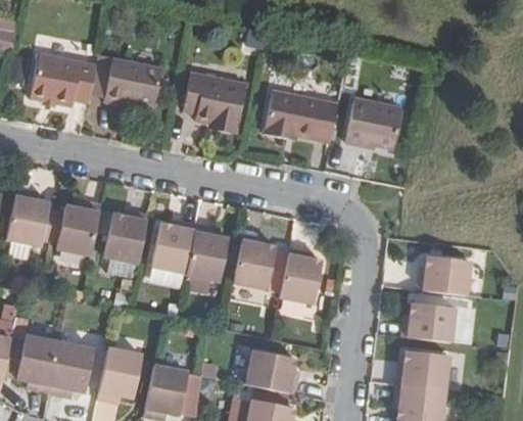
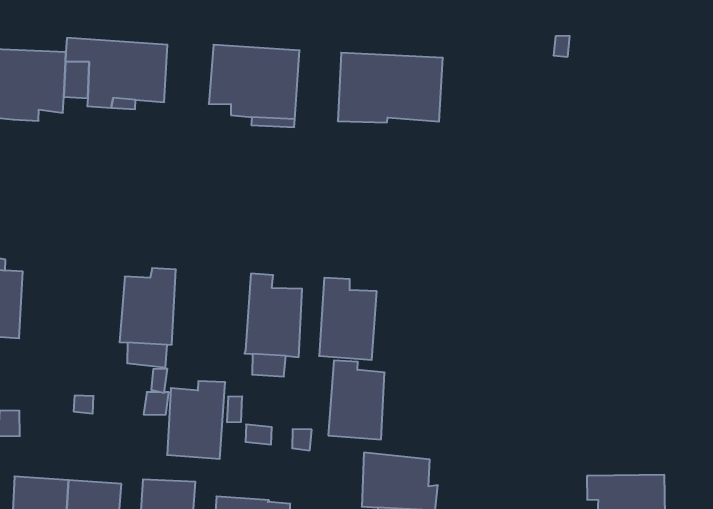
building: [346,96,403,148] -> none
building: [56,202,101,255] -> none
building: [152,221,196,273] -> [167,381,225,459]
building: [280,248,322,303] -> [328,360,385,439]
building: [418,255,471,295] -> none
building: [401,302,456,342] -> none
building: [396,350,449,390] -> none

